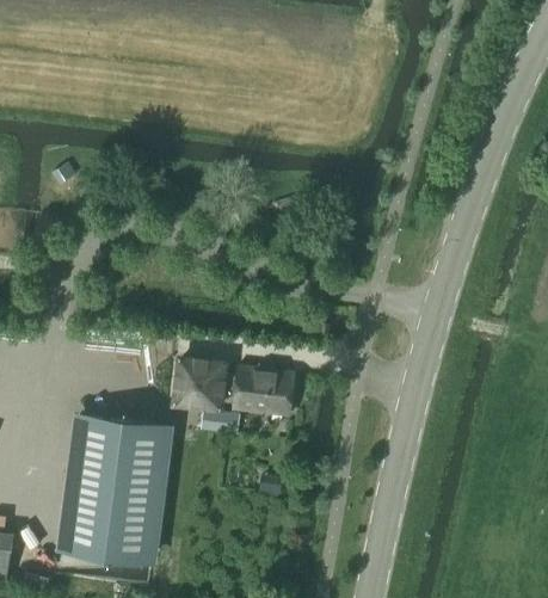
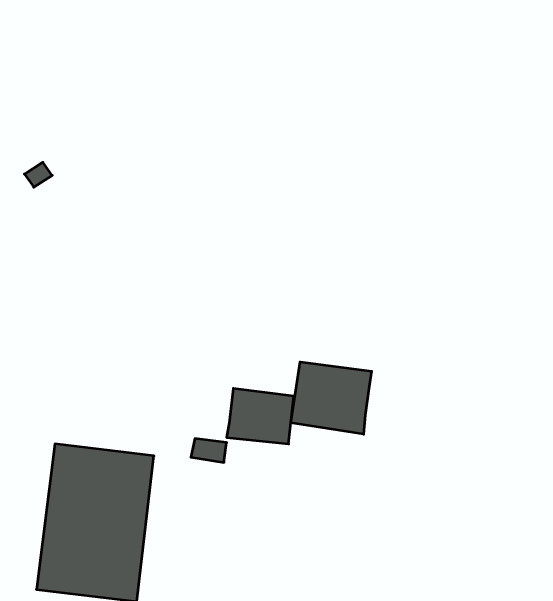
building: none -> [291,362,372,434]
building: [179,359,241,407] -> none

